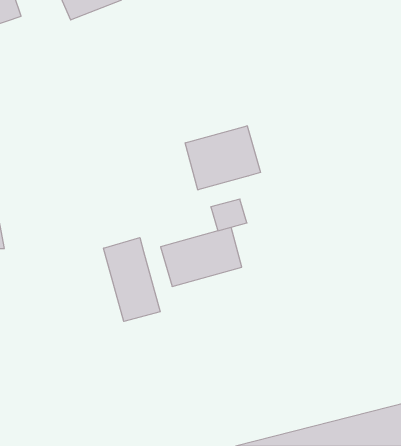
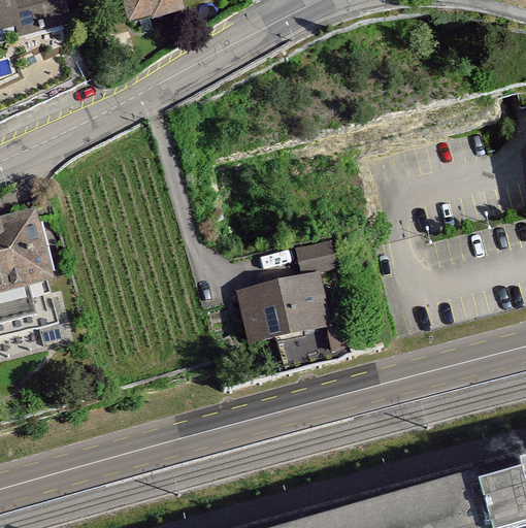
building: [185,126,260,190] -> none
building: [104,238,160,321] -> none

